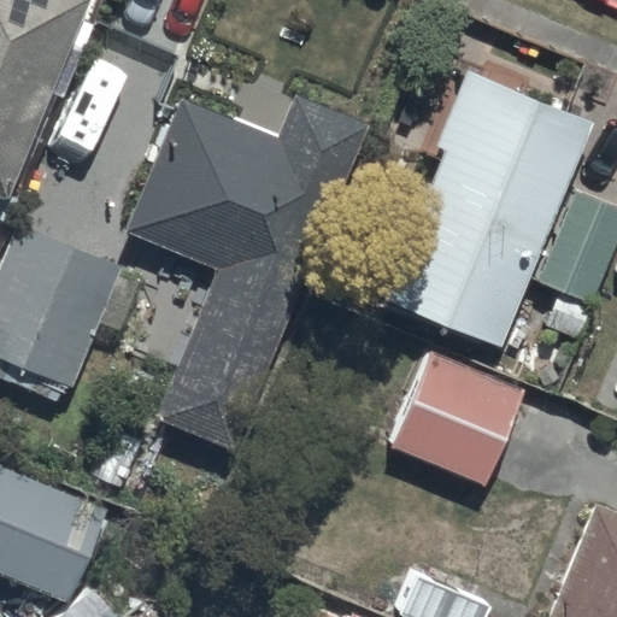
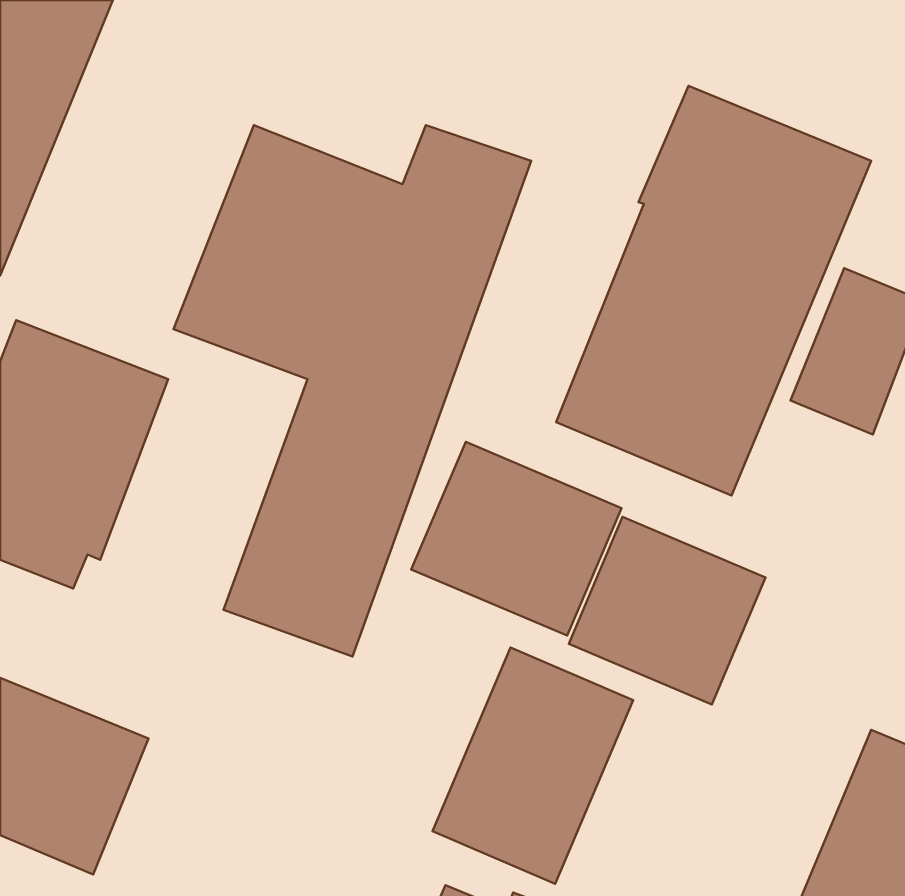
building: none -> [411,442,622,636]
building: none -> [433,648,633,884]

